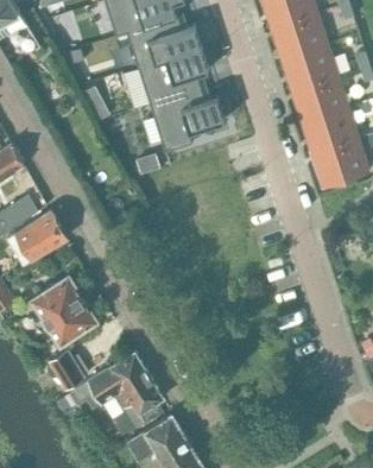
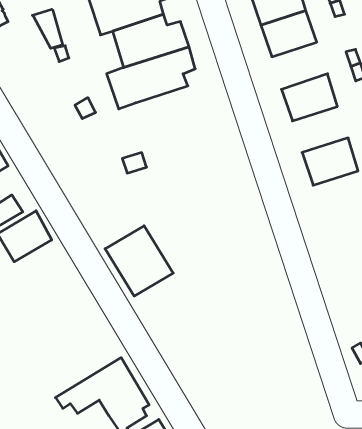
building: [283,45,337,91] -> none
building: [150,88,226,153] -> none
building: [303,108,358,153] -> none
building: [32,276,99,344] -> [105,226,173,296]
building: [50,350,89,388] -> none

